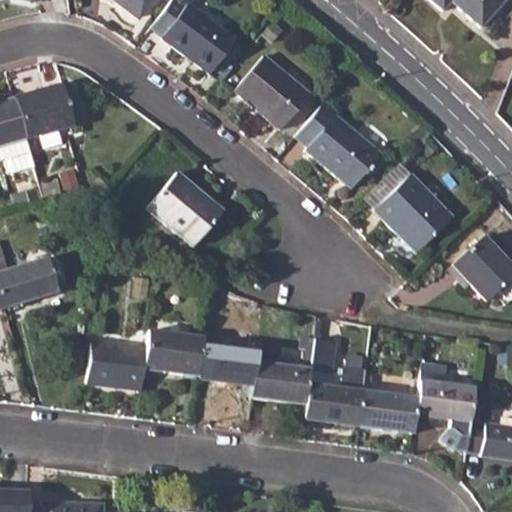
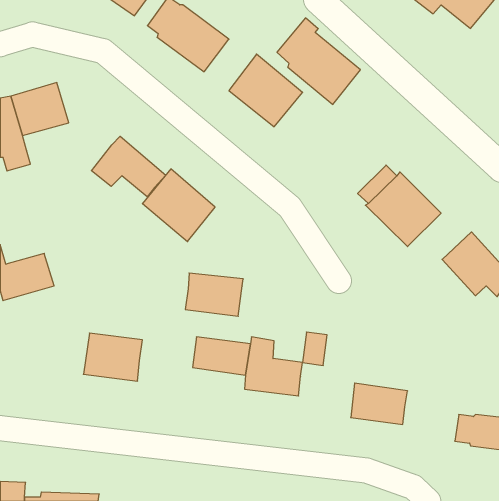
building: [296,101,381,189] -> [277,18,360,104]
building: none -> [91,136,166,197]
building: [145,330,204,374] -> [185,273,243,316]
building: [305,367,366,425] -> none
building: [415,367,475,453] -> none

